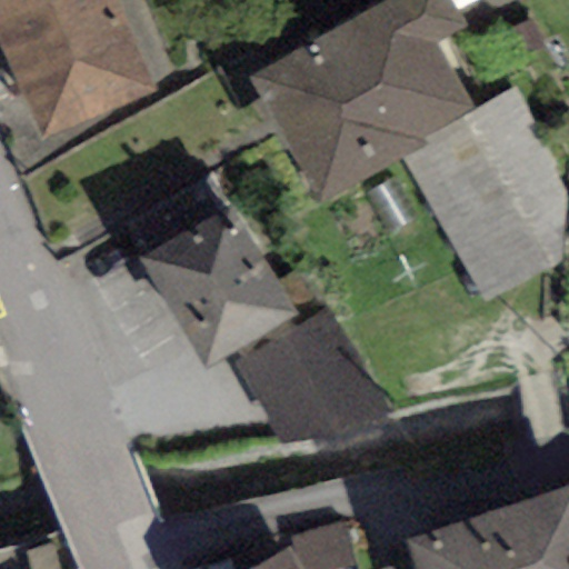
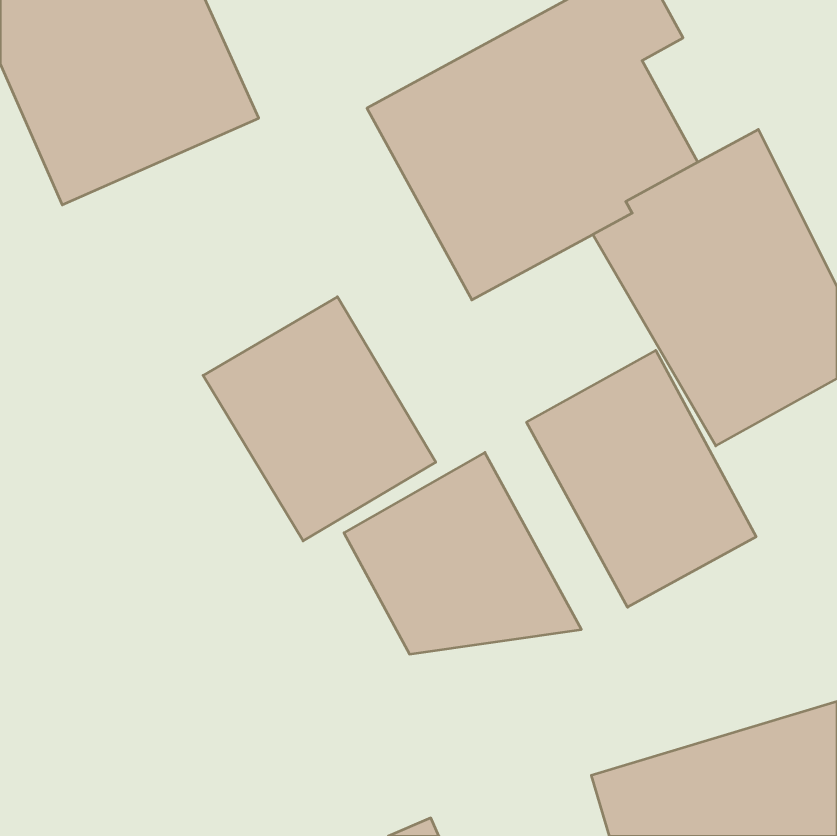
building: none -> [527,350,756,607]

